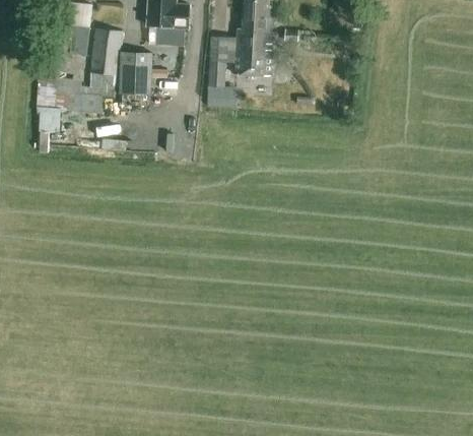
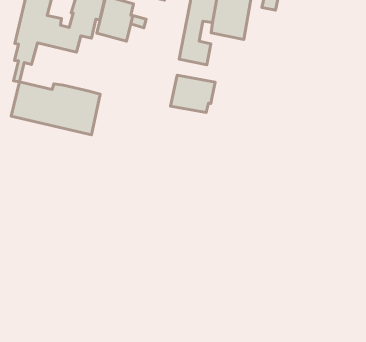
building: none -> [171,75,215,112]
building: none -> [11,82,100,135]

